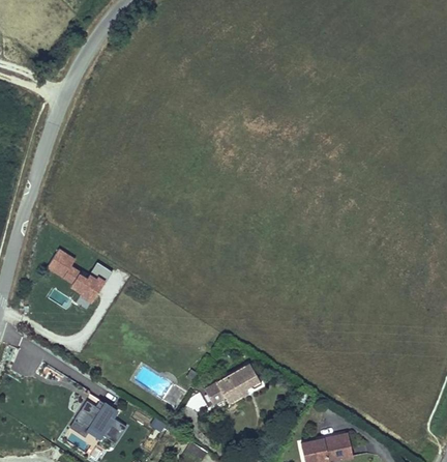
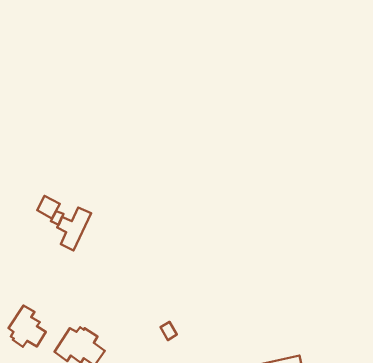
building: [204,363,262,404] -> none
building: none -> [9,305,46,347]

